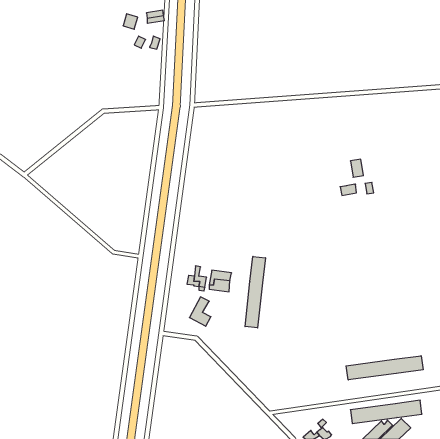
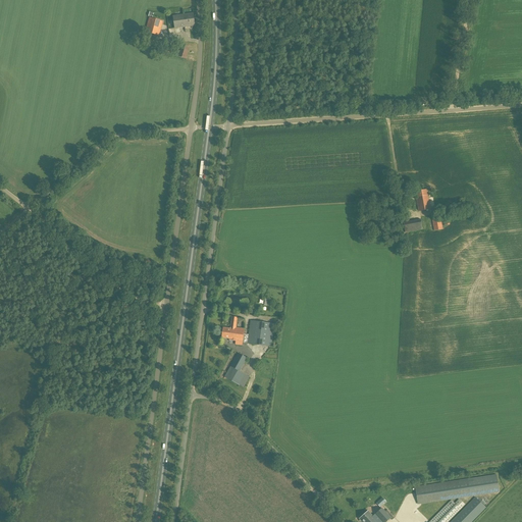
building: [245,256,265,328] -> none
building: [346,356,423,380] -> none

